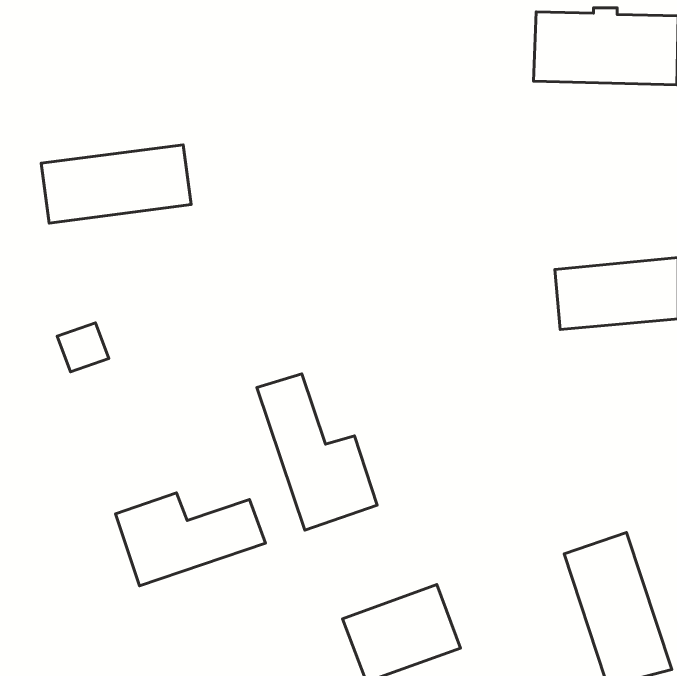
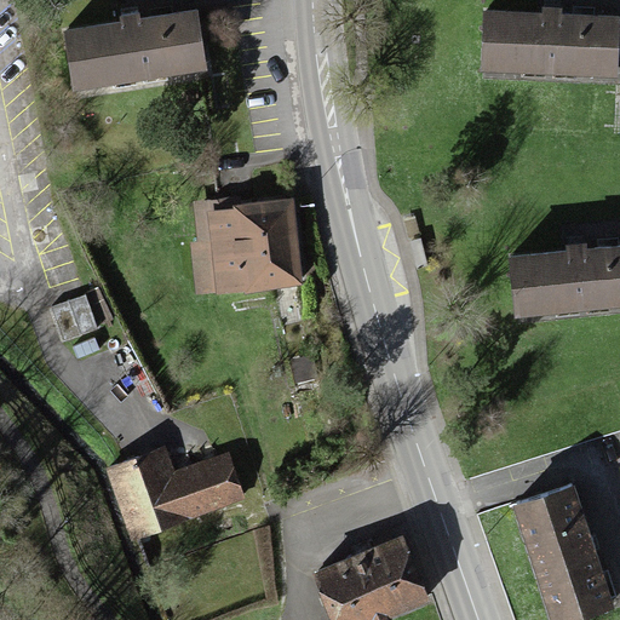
building: [41,145,191,223] -> [69,16,206,87]
building: none -> [196,201,297,282]
building: [257,374,377,530] -> none

